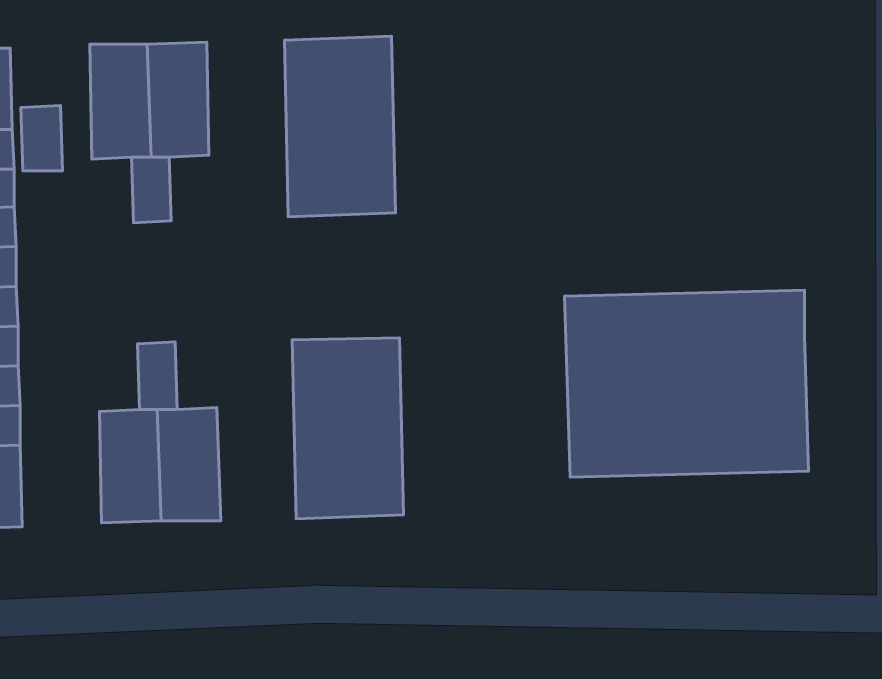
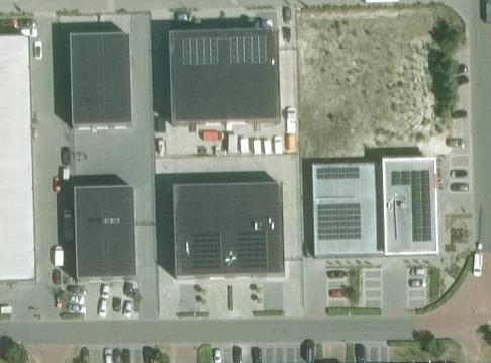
building: none -> [223,30,280,121]
building: [21,105,62,171] -> [71,93,92,126]
building: none -> [110,92,131,125]
building: none -> [227,184,284,275]
building: none -> [113,187,134,221]
building: none -> [74,188,95,222]

